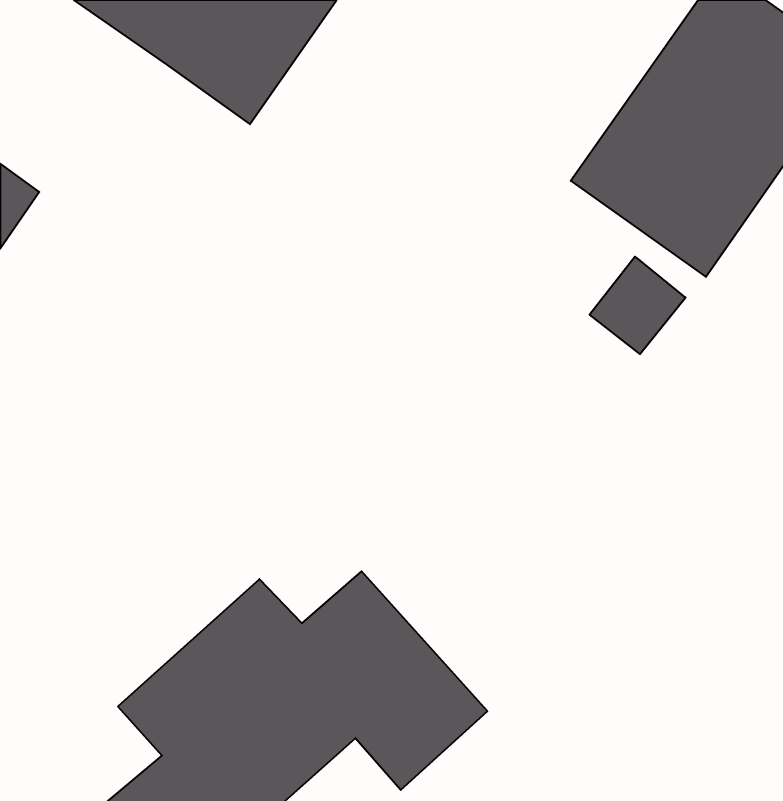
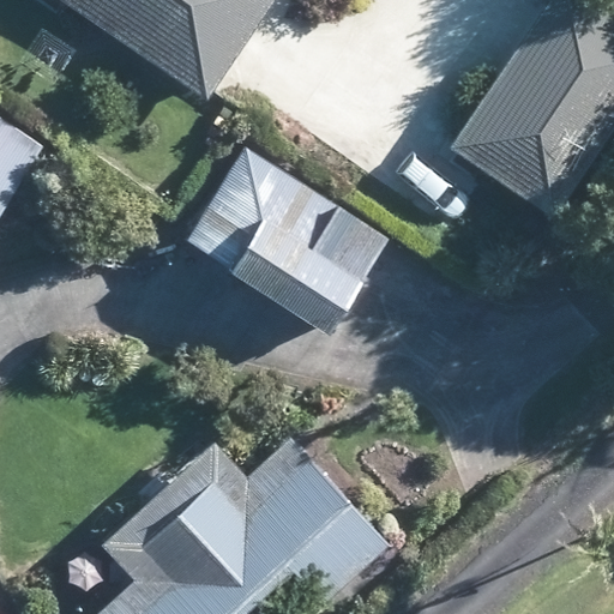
building: none -> [187,155,384,330]

